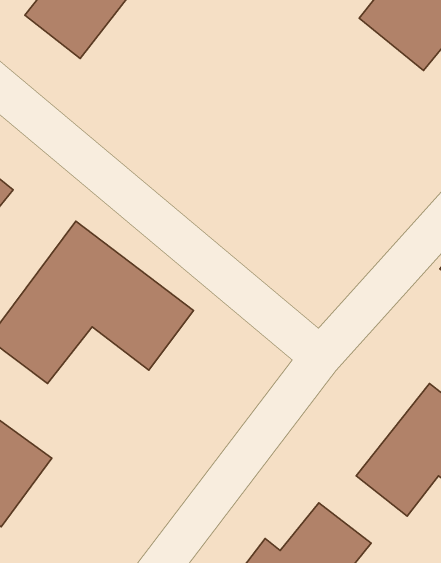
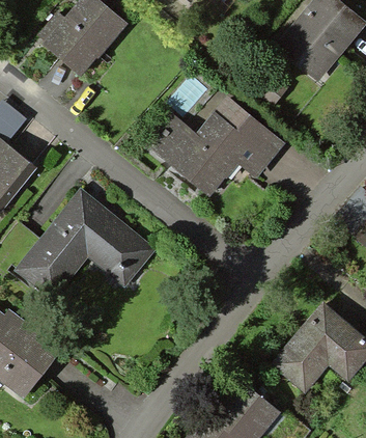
building: none -> [142,93,287,198]

